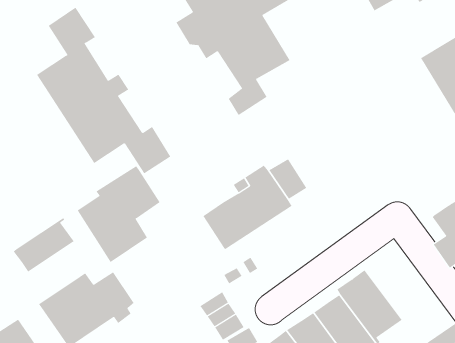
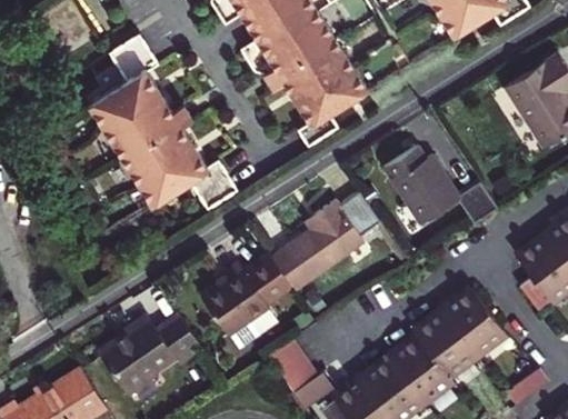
building: none -> [380,143,494,227]
building: [77,165,161,263] -> [203,251,292,355]
building: [13,217,74,272] -> none
building: none -> [442,290,514,366]

